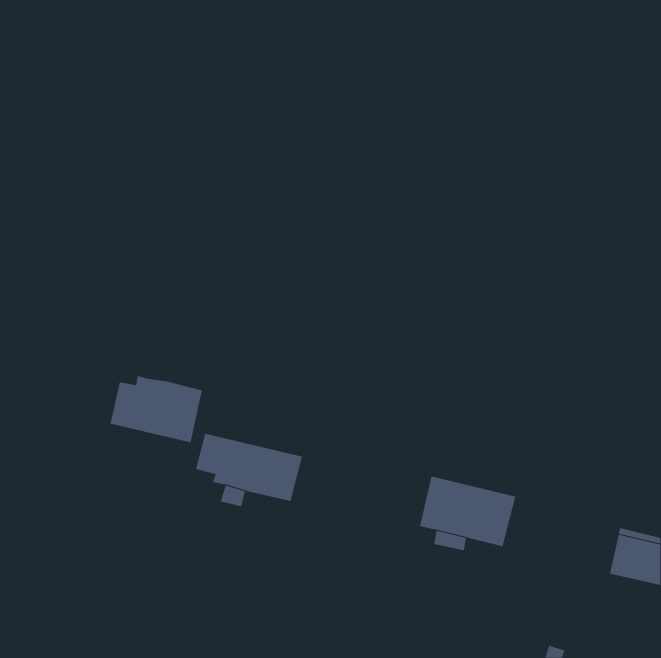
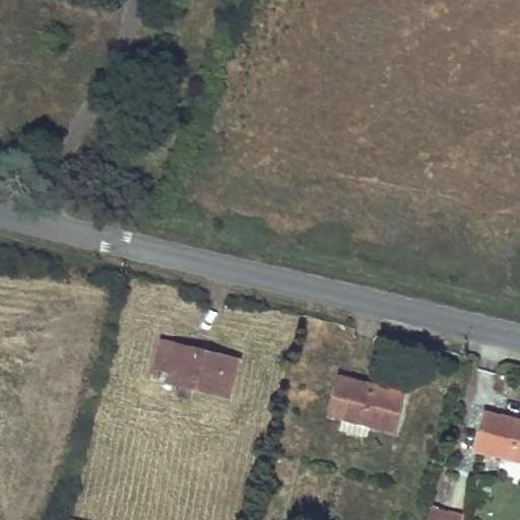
building: [110,375,203,443] -> none

